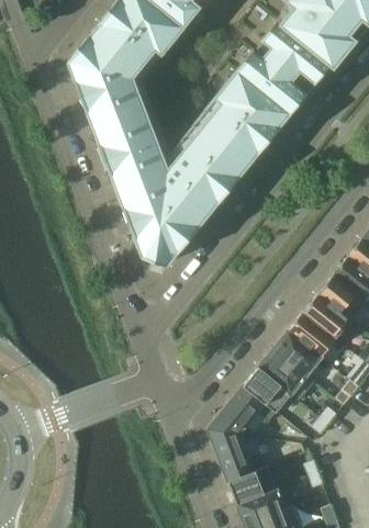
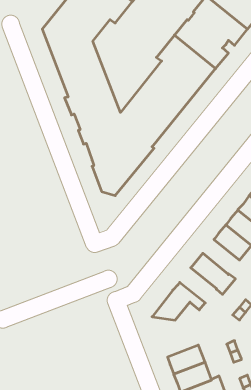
building: [275,330,322,375] -> none
building: [245,367,292,412] -> none
building: [210,429,269,481] -> none

